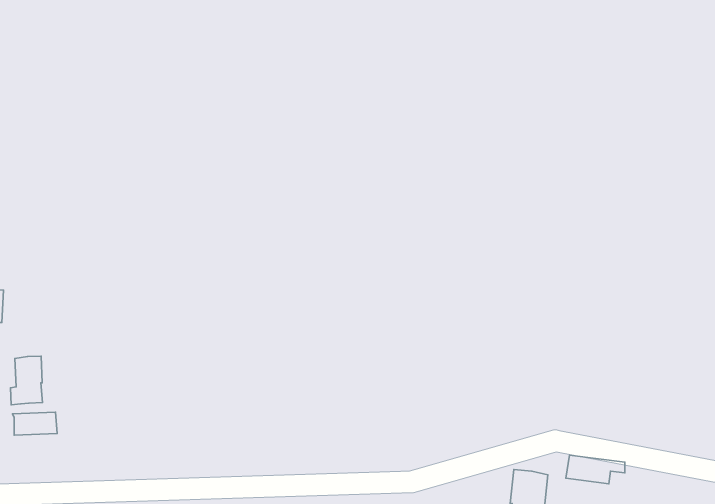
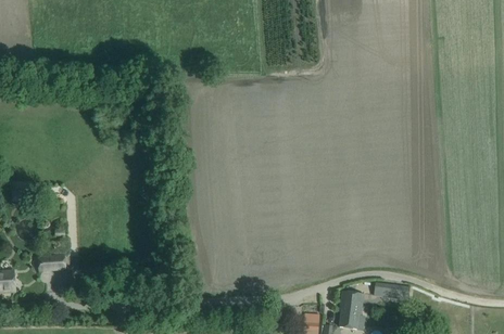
building: [11,356,43,405] -> none

